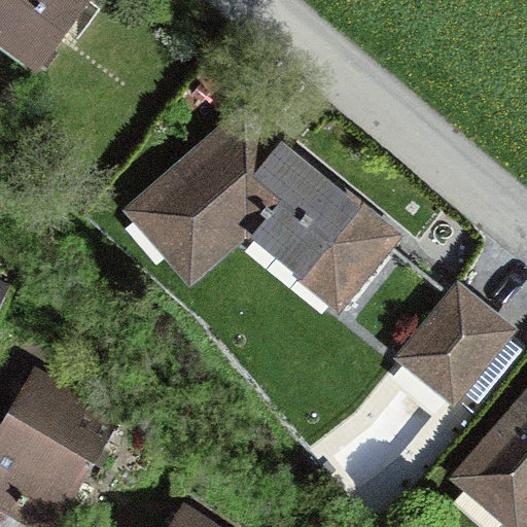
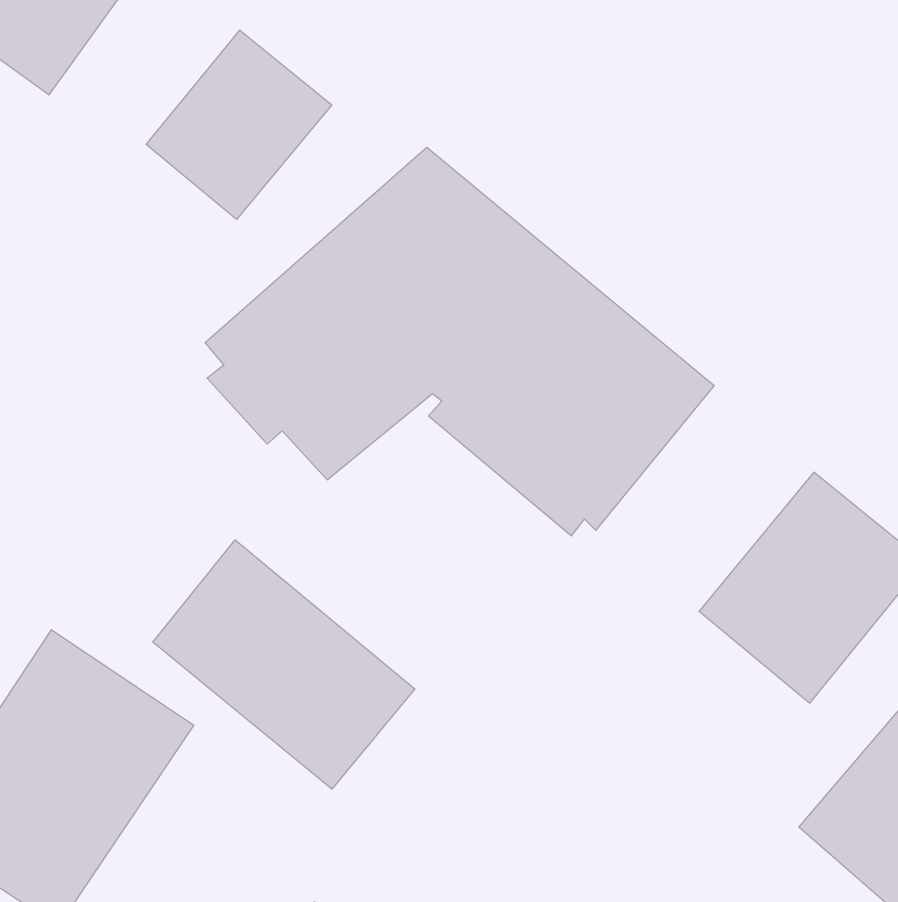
building: none -> [146,30,332,219]
building: none -> [153,540,415,789]

